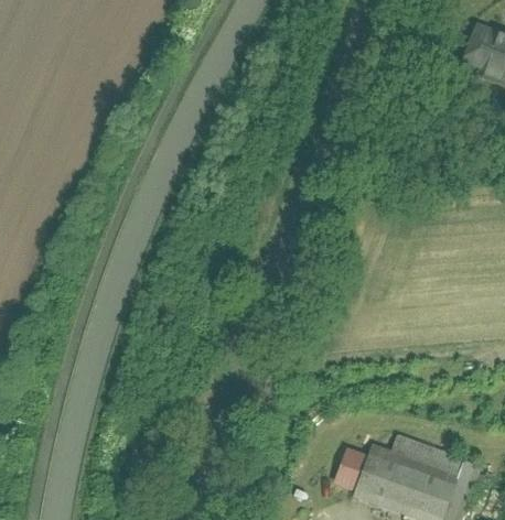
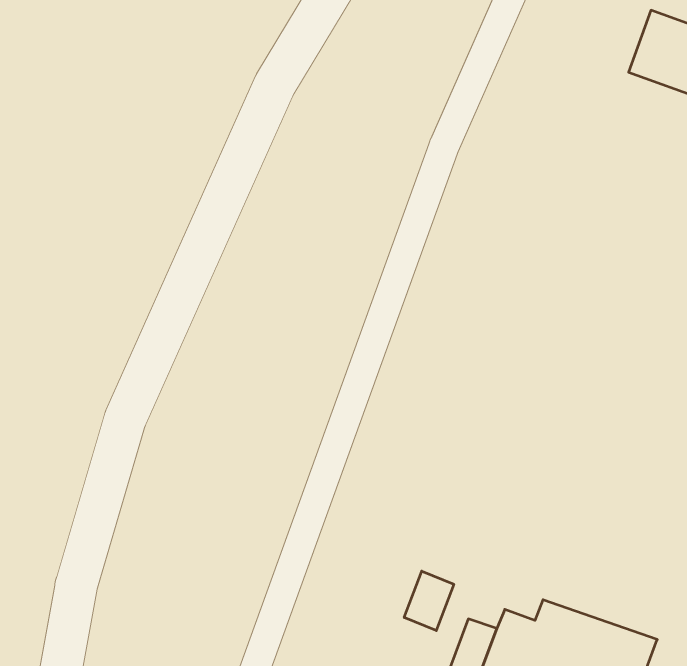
building: none -> [404,571,454,631]

